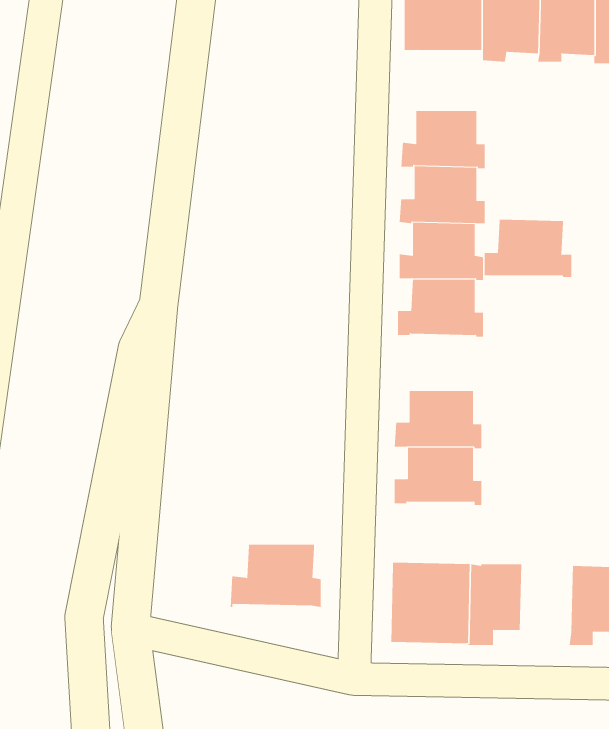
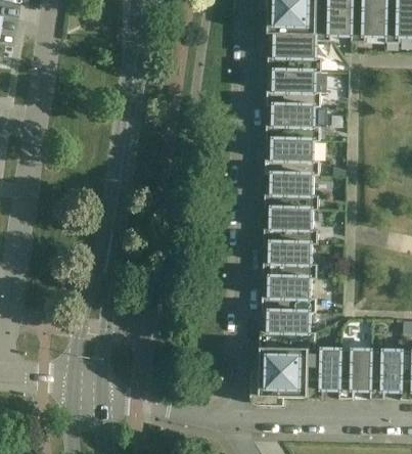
building: none -> [268,33,322,71]
building: [484,219,572,278] -> [264,207,318,242]
building: [230,544,321,608] -> [260,310,316,349]
building: none -> [339,348,372,398]

